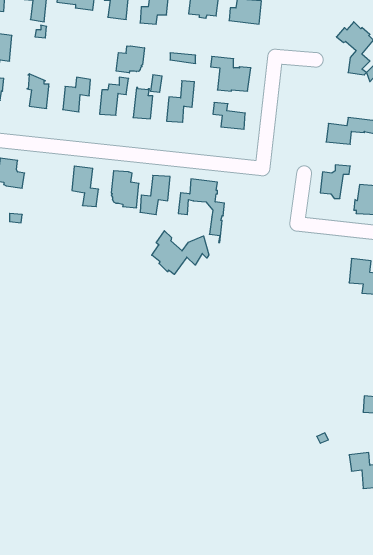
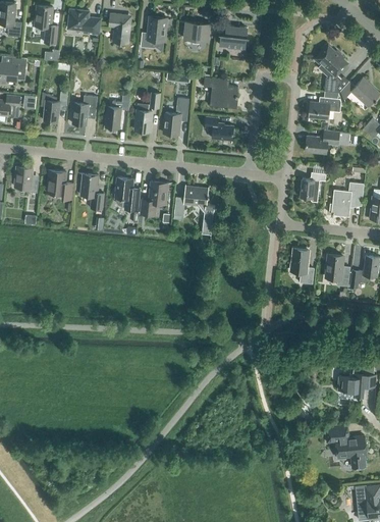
building: [116,46,144,73] -> none
building: none -> [309,97,341,119]
building: none -> [47,170,72,199]
building: [152,231,209,274] -> none
building: none -> [289,250,314,283]

